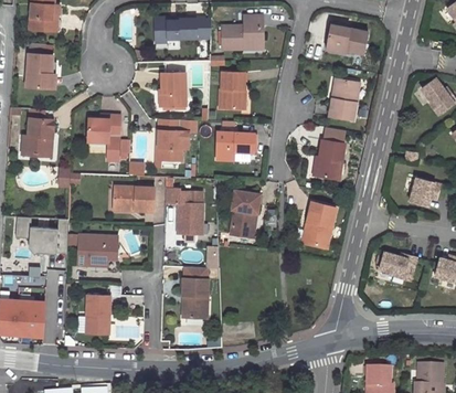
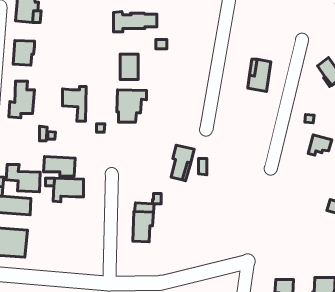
building: [226,17,265,50] -> none
building: [327,26,368,55] -> none
building: [221,73,247,109] -> none
building: [214,132,254,160] -> none
building: [317,140,346,179] -> none
building: [113,185,153,211] -> [44,157,75,176]
building: [165,188,202,234] -> none
building: [307,200,338,248] -> none
building: [378,252,415,277] -> none
building: [87,296,109,333] -> none

